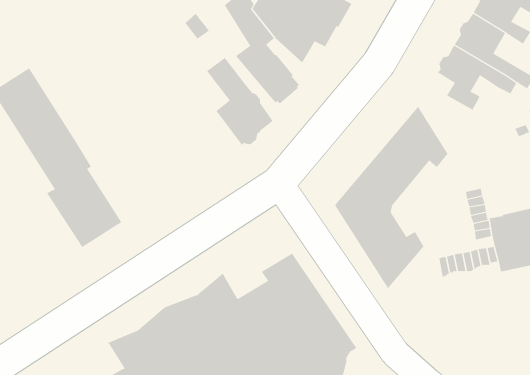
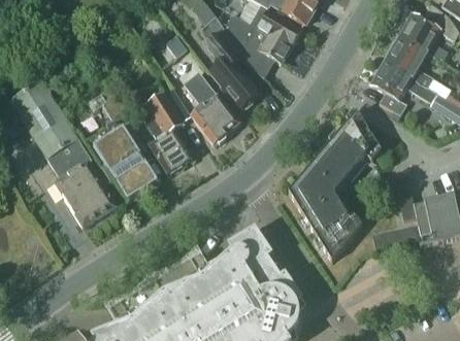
building: none -> [86,89,156,199]
building: none -> [138,89,192,174]

